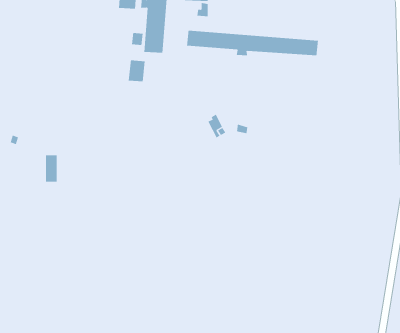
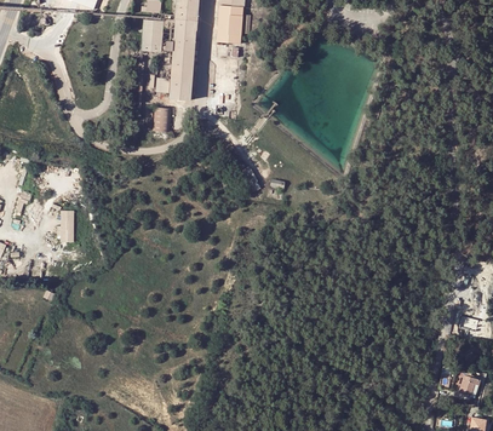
building: [187,30,319,56] -> none

